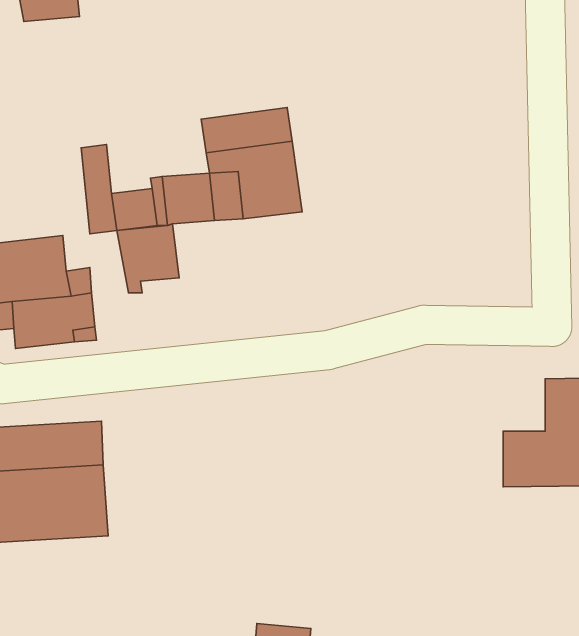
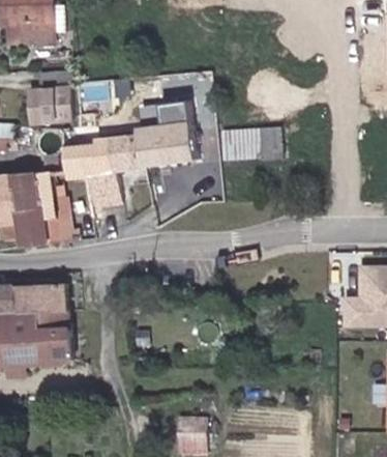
building: none -> [21,76,71,121]
building: none -> [225,125,287,160]

